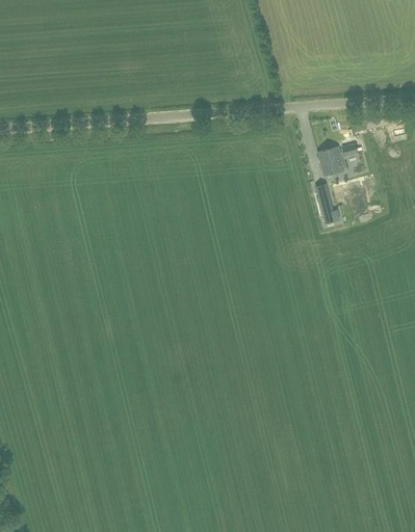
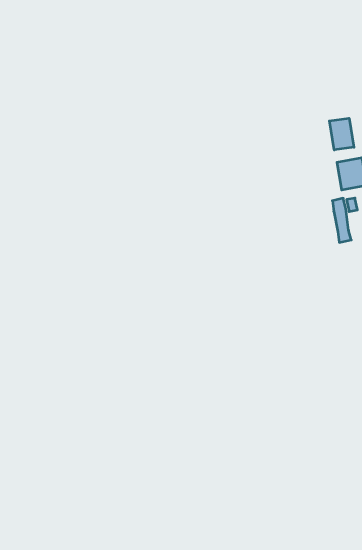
building: none -> [329,118,354,150]

